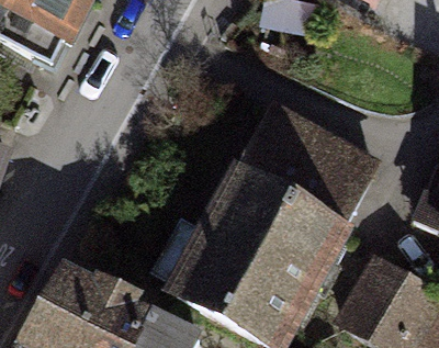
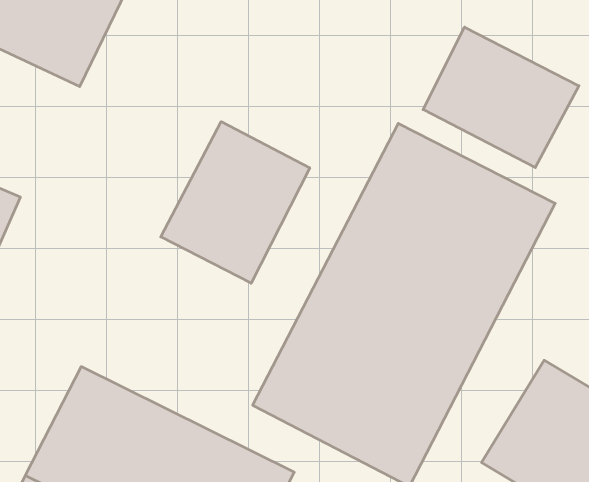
building: none -> [423,27,579,168]
building: none -> [161,122,310,283]

